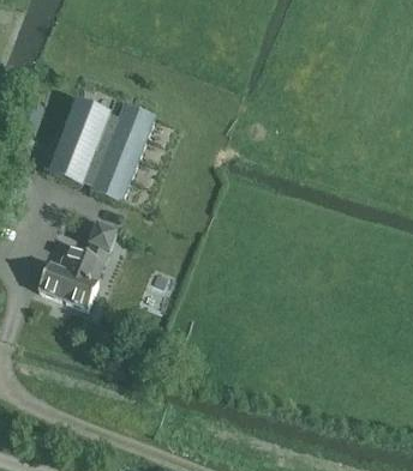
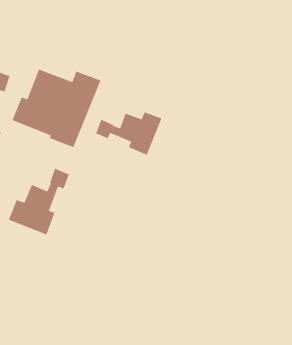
building: none -> [95,111,163,156]

